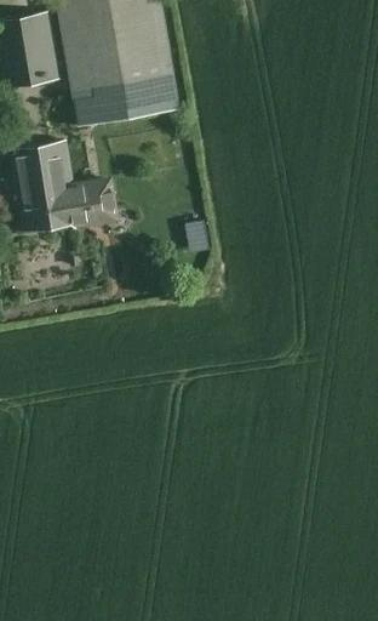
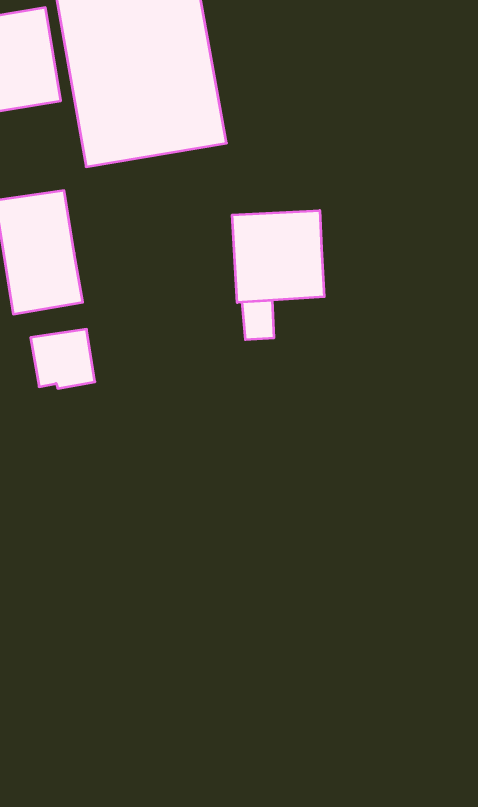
building: none -> [232,210,324,303]
building: [70,181,116,223] -> [31,329,95,388]

